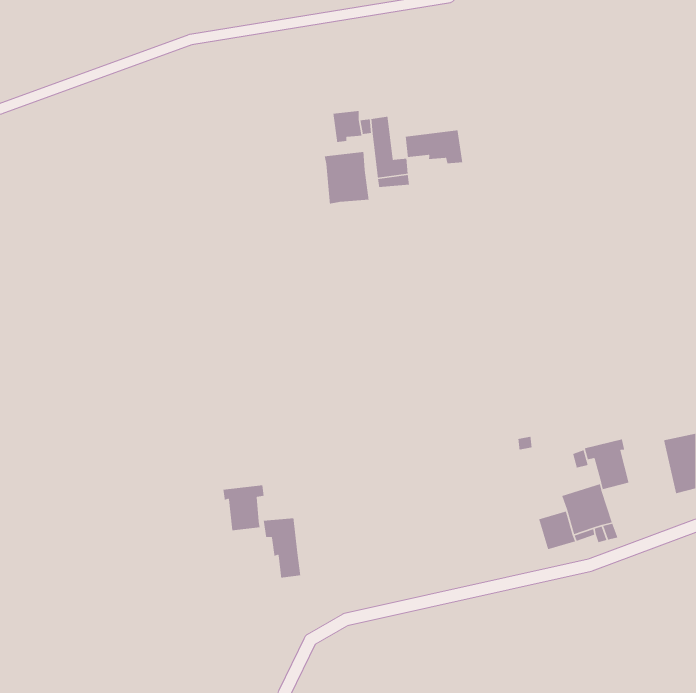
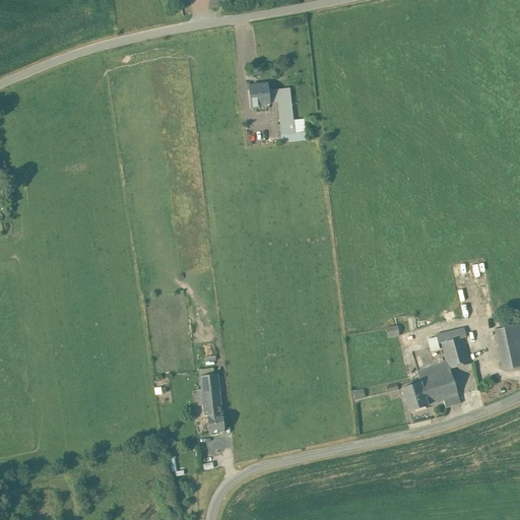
building: [405,130,463,164] -> none
building: [324,151,370,204] -> none
building: [222,484,264,531] -> none

